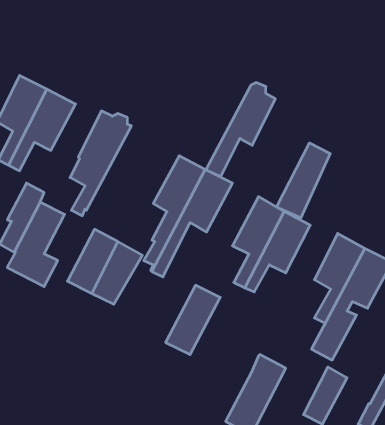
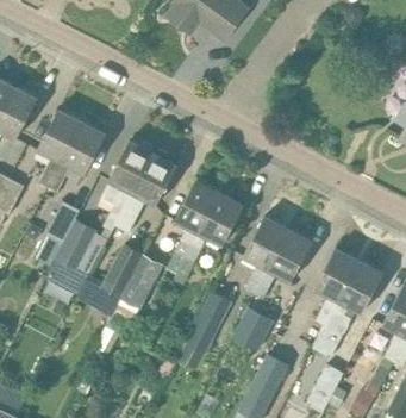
building: [206,83,275,177] -> [115,151,176,233]
building: [276,143,330,218] -> none
building: none -> [226,308,274,369]

